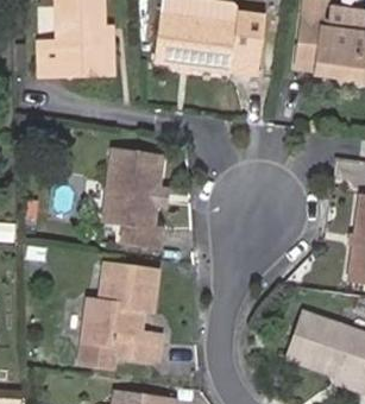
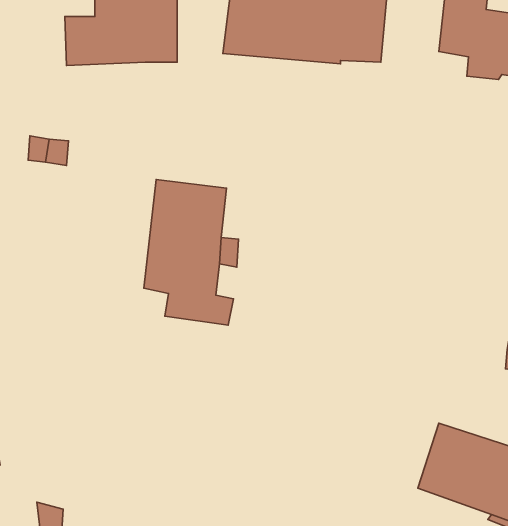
building: [80,264,159,362] -> none

